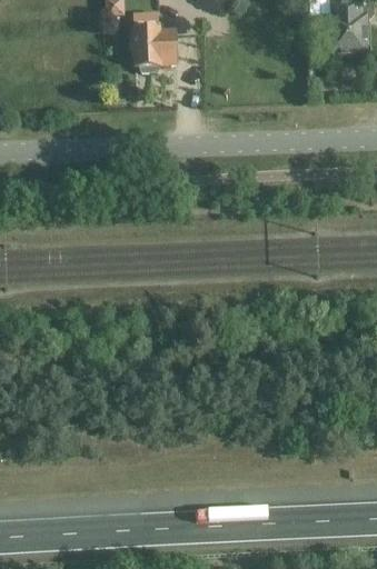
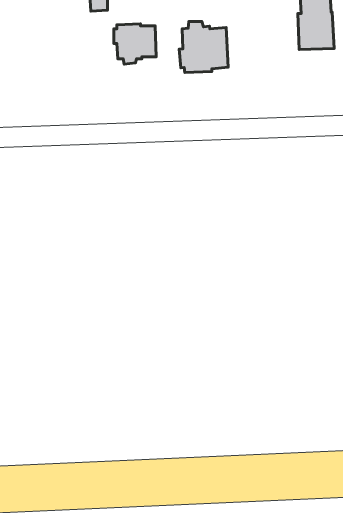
building: none -> [179,21,228,73]

